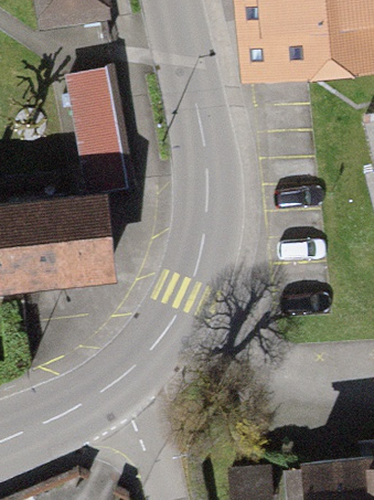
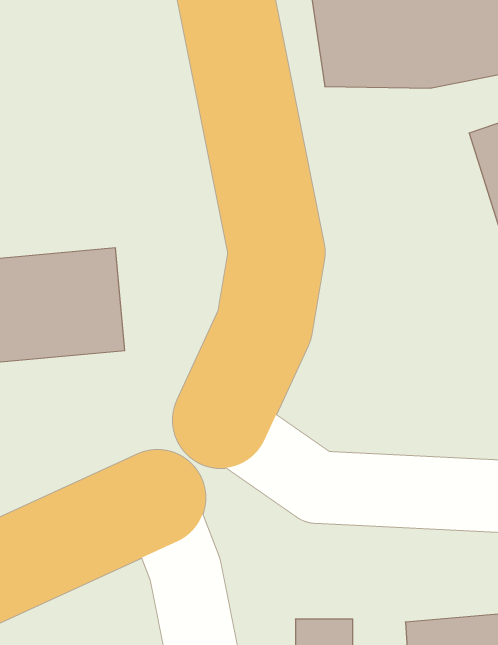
building: [66,68,132,187] -> none

